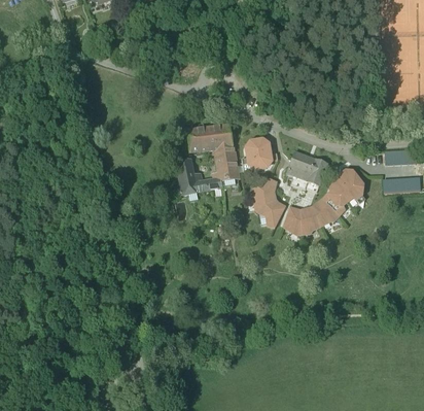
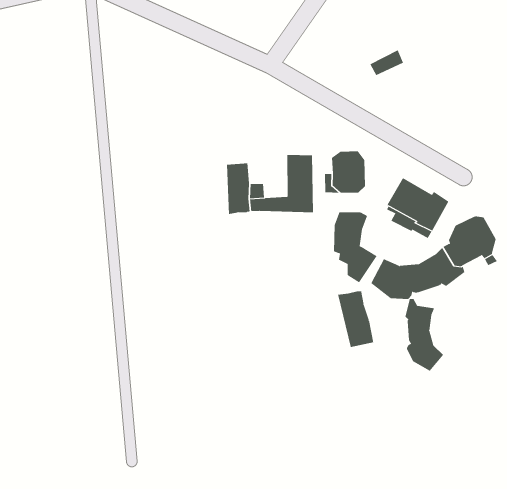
building: [188,124,233,150] -> none
building: none -> [405,298,444,372]
building: none -> [338,290,374,348]

